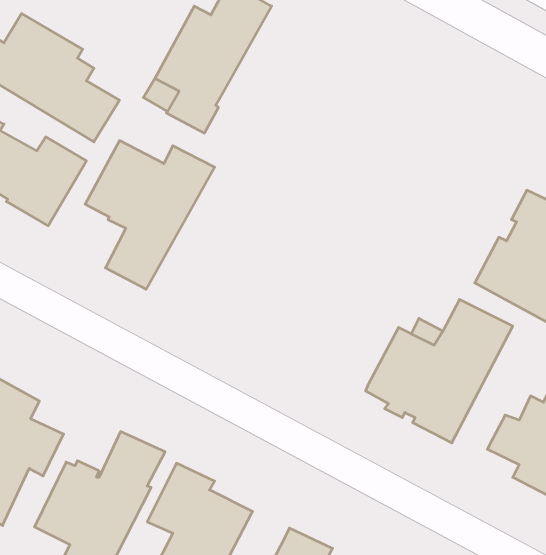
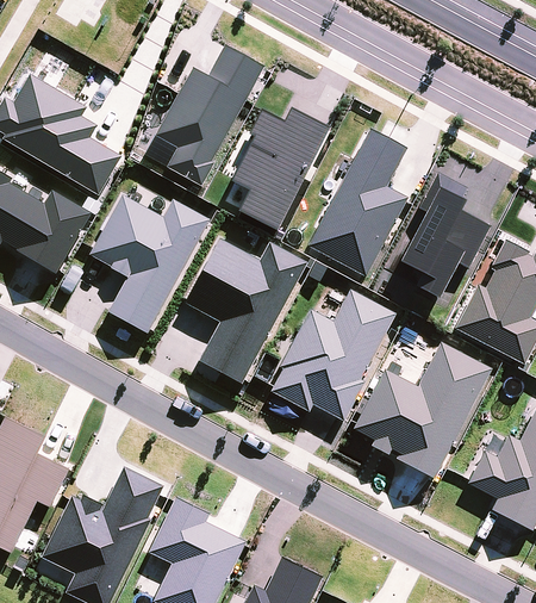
building: none -> [231,108,330,232]
building: none -> [308,130,407,276]
building: none -> [399,174,490,304]
building: none -> [185,238,307,385]
building: none -> [270,290,395,419]

